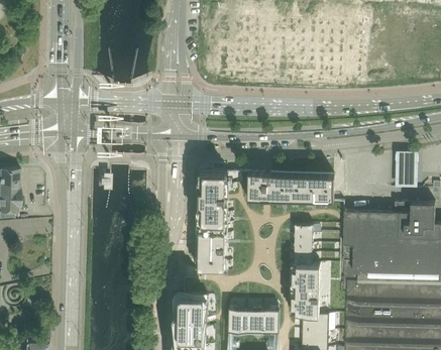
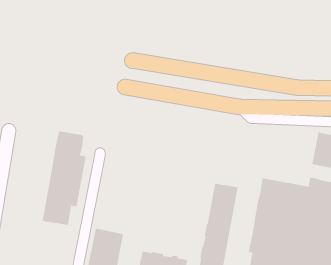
building: [199,171,235,270] -> [42,131,86,226]
building: [247,172,334,202] -> none

